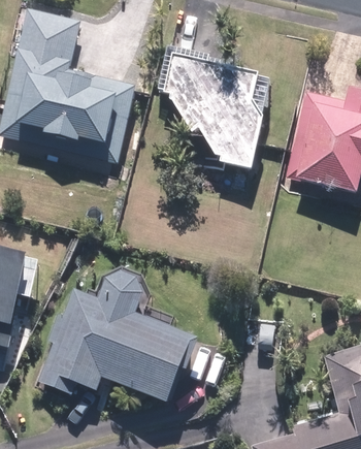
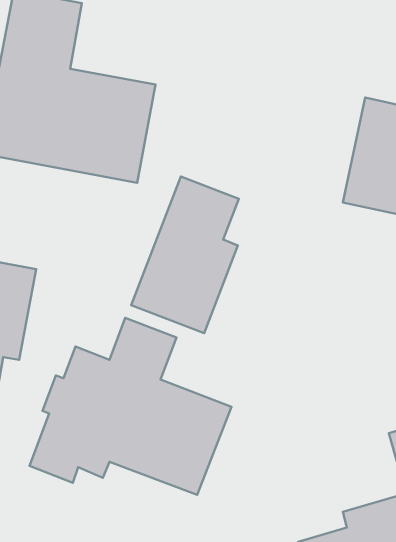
building: [164,59,267,173] -> none
building: none -> [131,177,239,333]

